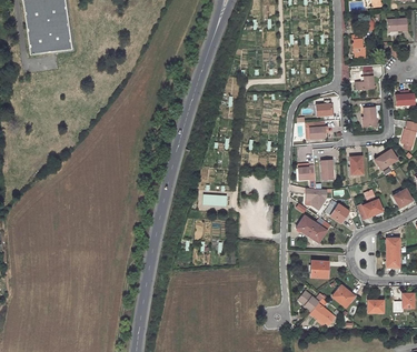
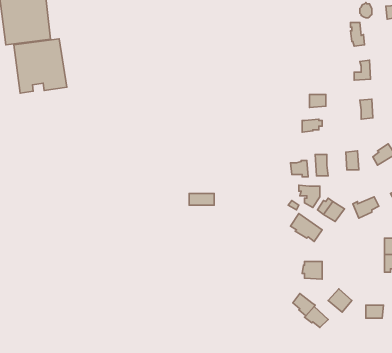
building: none -> [14,39,67,93]

